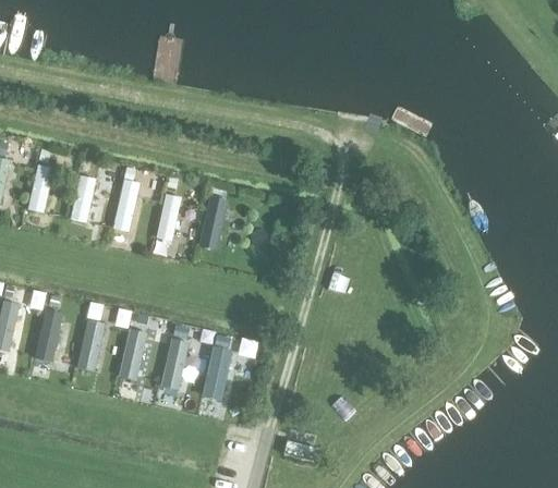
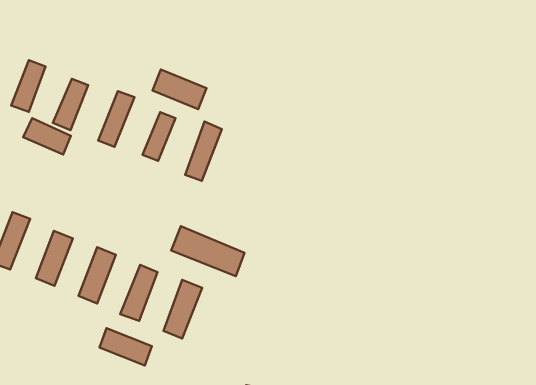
building: none -> [153,69,206,109]
building: none -> [23,118,71,155]
building: none -> [171,226,245,276]
building: none -> [99,328,152,366]

